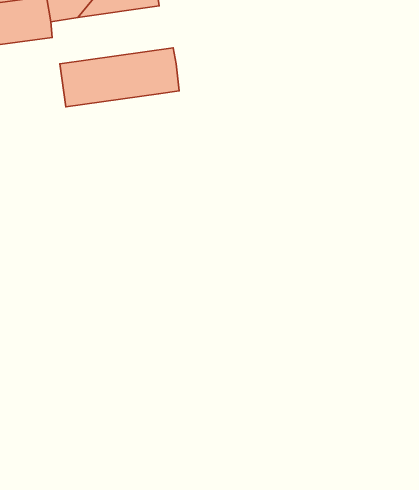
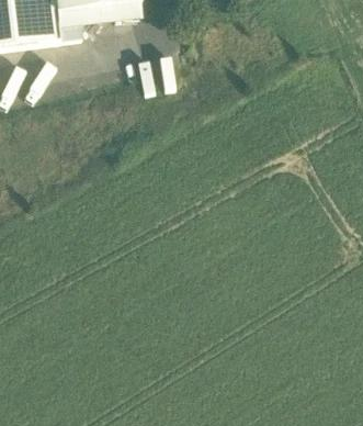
building: [60,48,179,107] -> none

